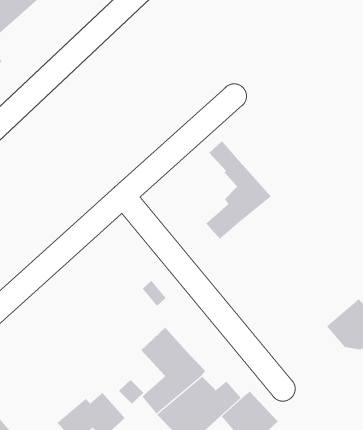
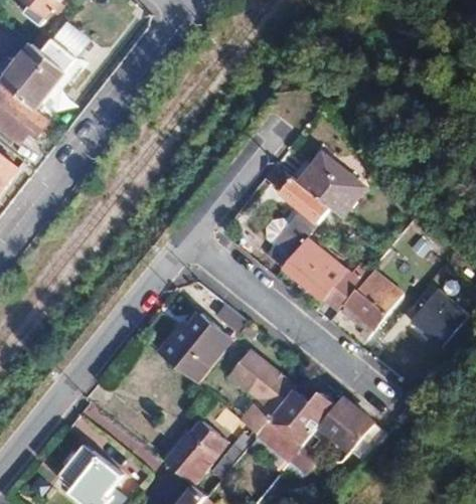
building: none -> [300,152,366,215]
building: none -> [282,238,335,300]
building: none -> [344,267,403,325]
building: none -> [160,313,232,384]

